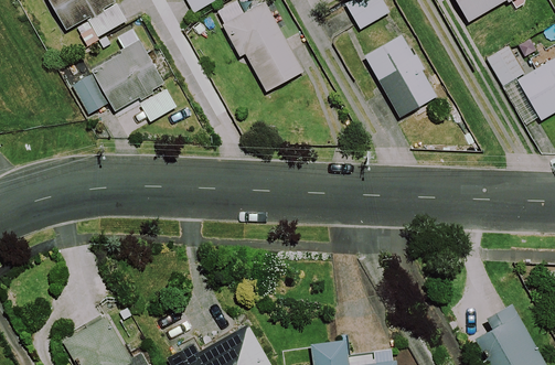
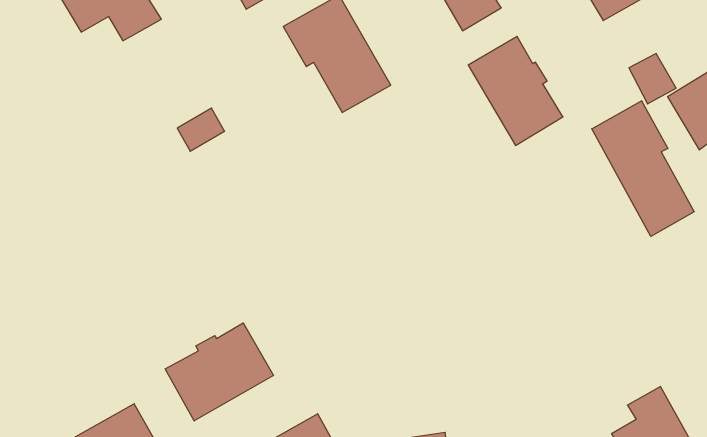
building: [72,28,164,114] -> none
building: none -> [592,101,694,236]
building: none -> [165,323,273,421]

